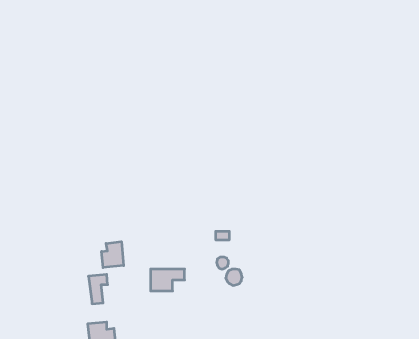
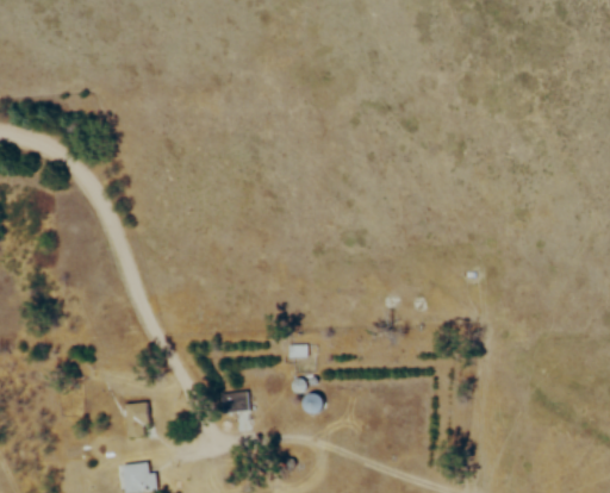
building: [102,242,124,268] -> none

